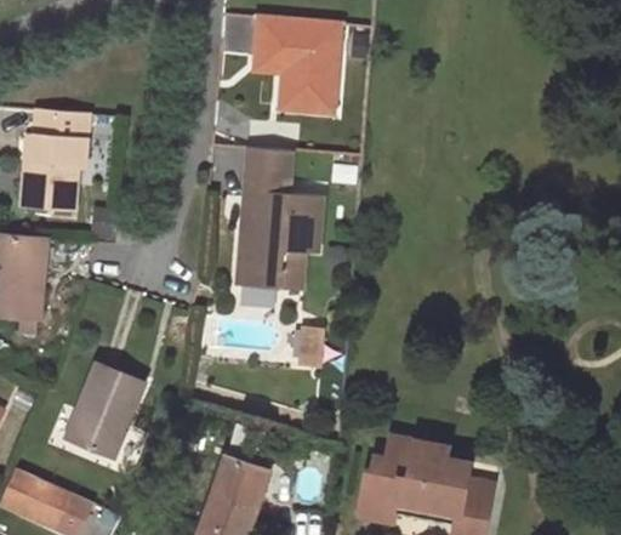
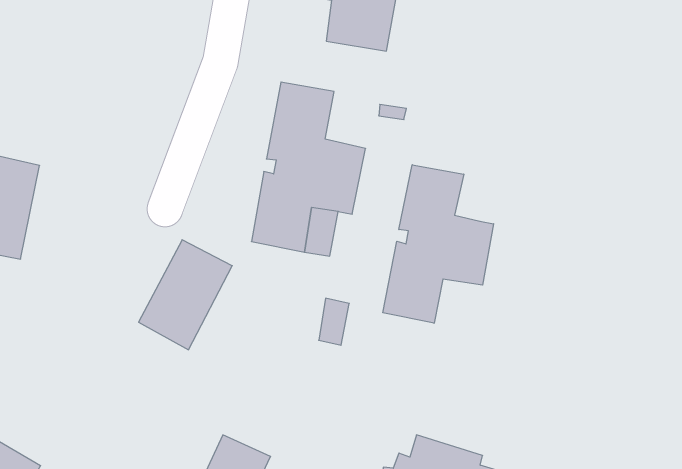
building: [21,110,90,210] -> none
building: none -> [383,165,494,323]
building: [67,364,142,457] -> [139,240,232,350]

